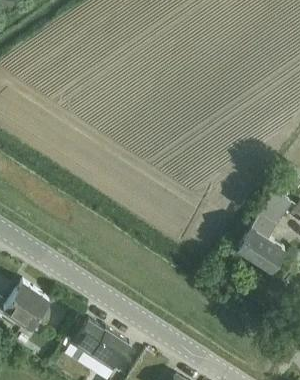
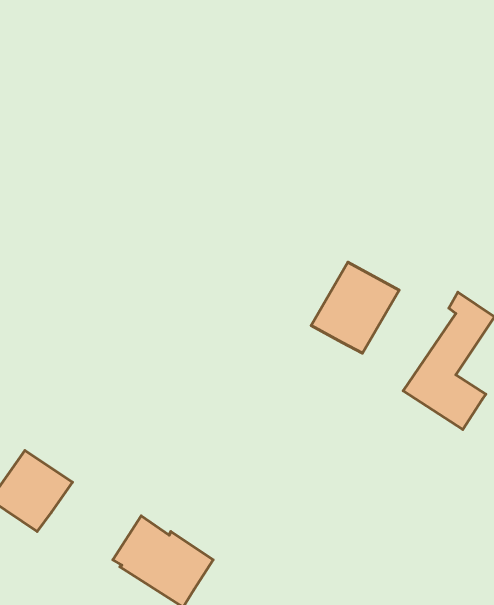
building: none -> [311,262,399,353]

